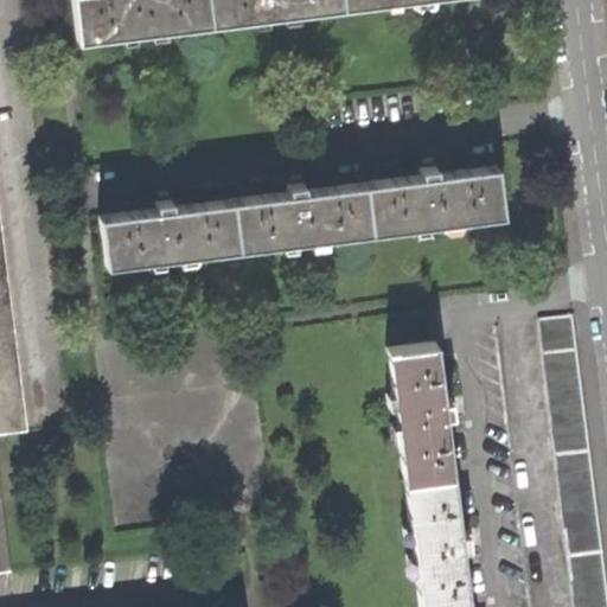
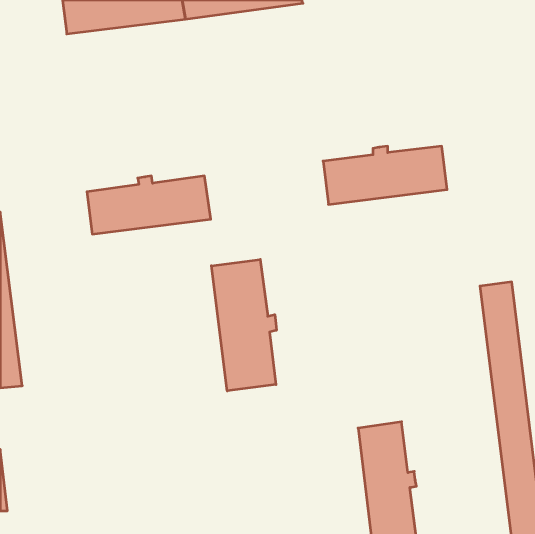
building: [236,189,375,254] -> none
building: none -> [211,259,276,391]
building: [390,349,456,487] -> none

